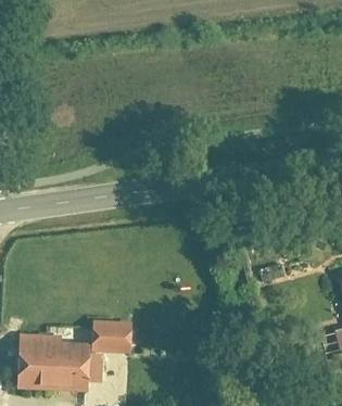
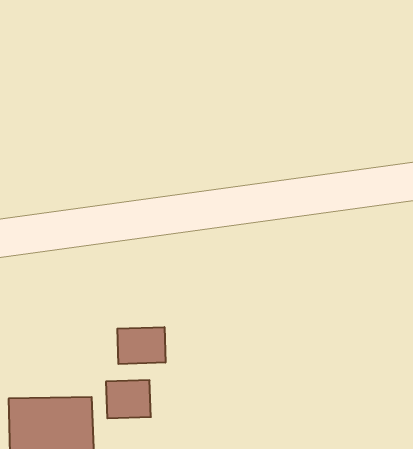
building: none -> [117,327,165,364]

